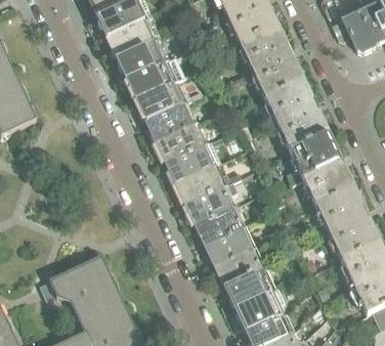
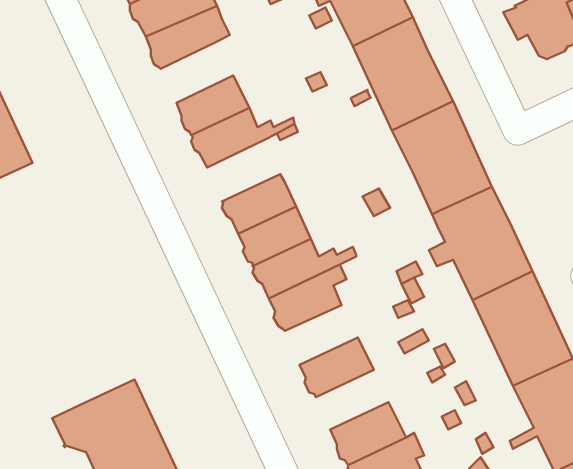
building: [117,36,171,79] -> none
building: [146,102,192,141] -> none
building: [195,207,242,245] -> none
building: [215,248,261,286] -> none

